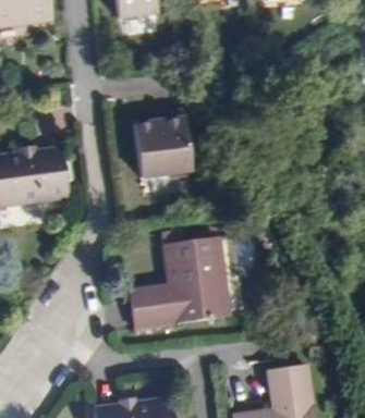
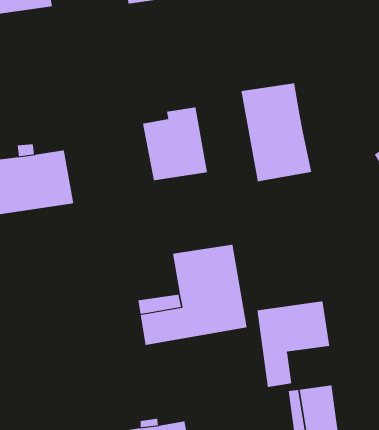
building: none -> [241,82,312,182]
building: none -> [257,301,330,388]

